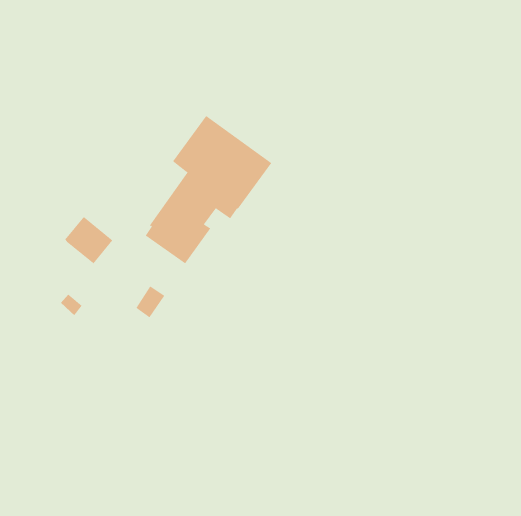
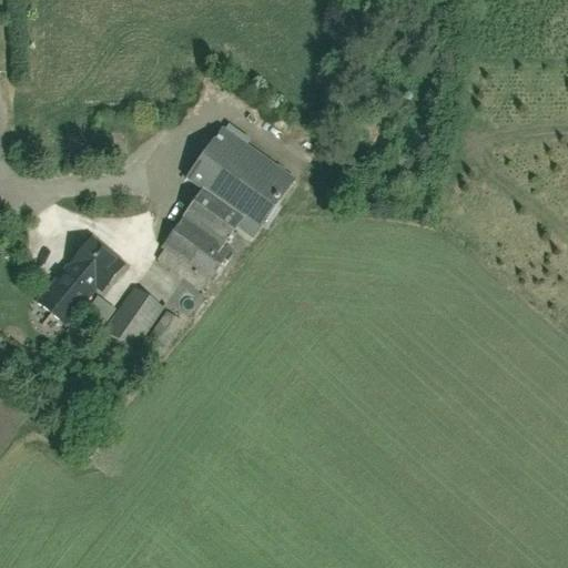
building: none -> [37,263,97,322]
building: none -> [105,285,162,347]

